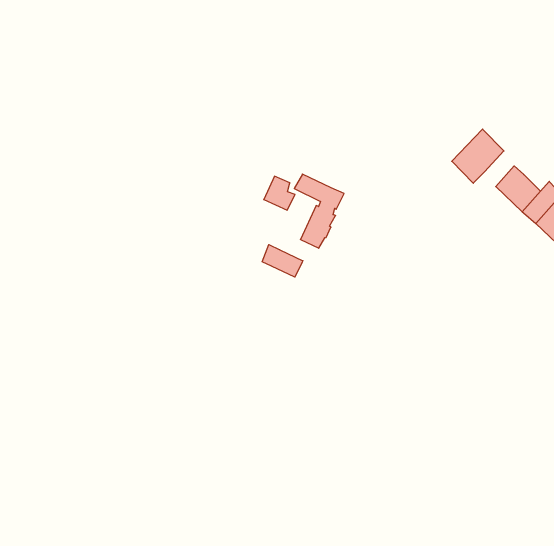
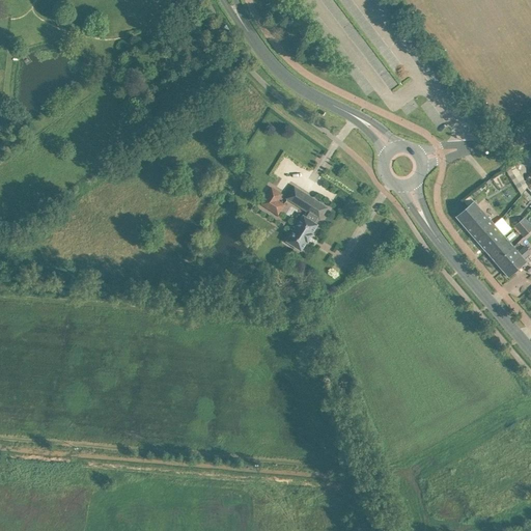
building: [452,129,504,183] -> none
building: [262,245,303,277] -> none

